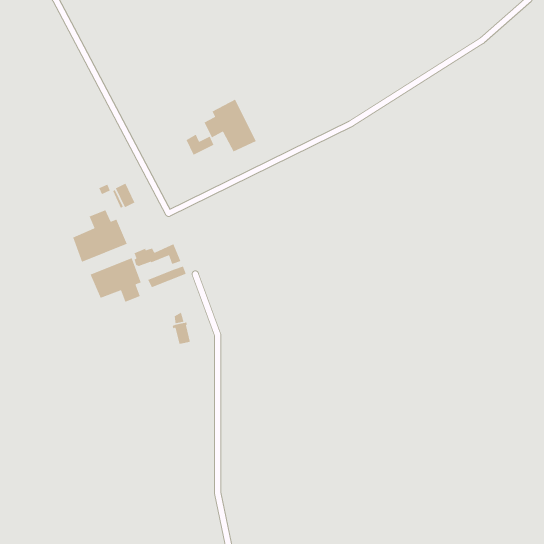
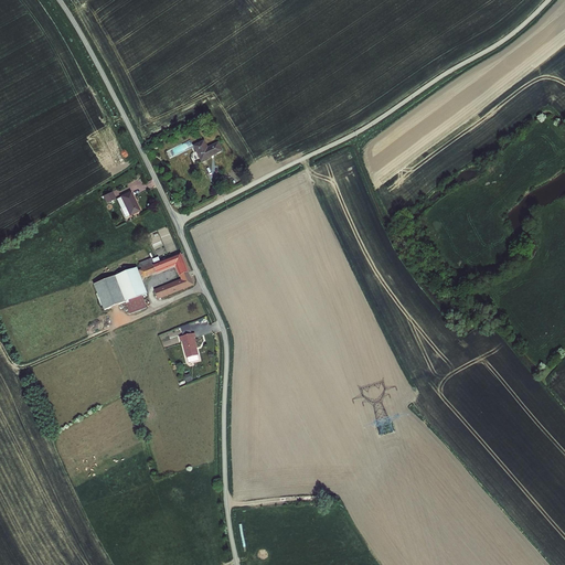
building: [204,99,257,153] -> none
building: [72,209,128,263] -> none

